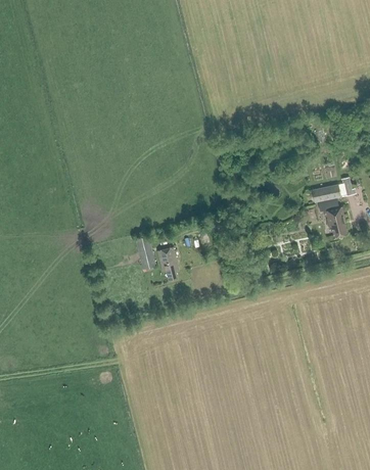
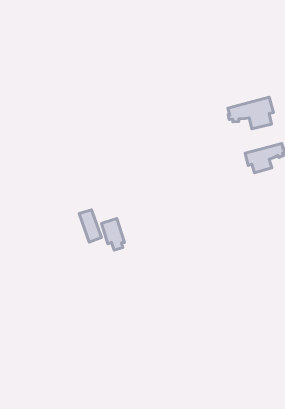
building: none -> [228,97,274,129]
building: [325,208,346,238] -> none

